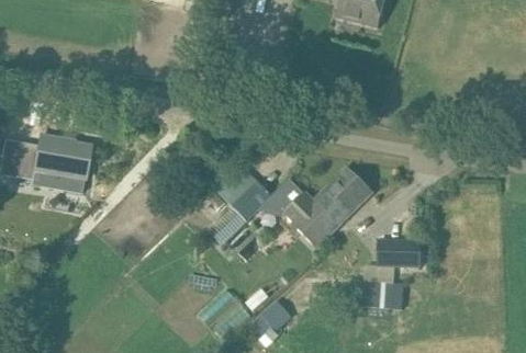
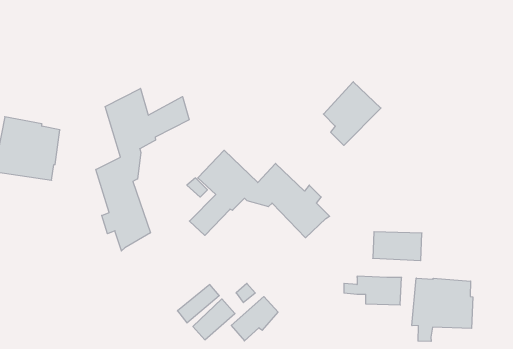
building: none -> [96,88,189,251]
building: [320,168,372,226] -> [323,82,381,145]
building: none -> [412,278,473,341]

